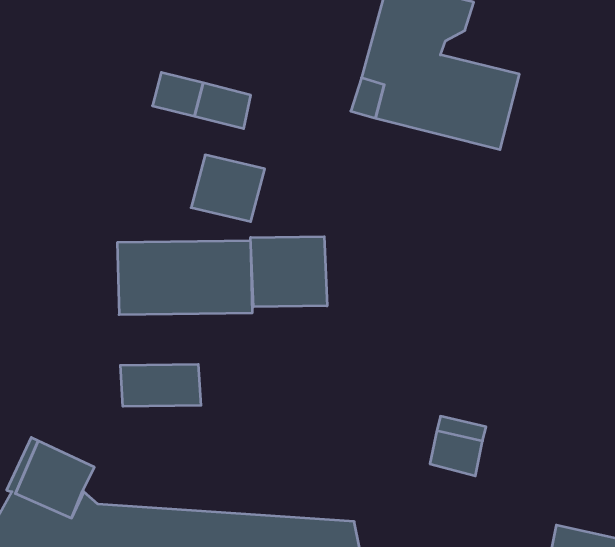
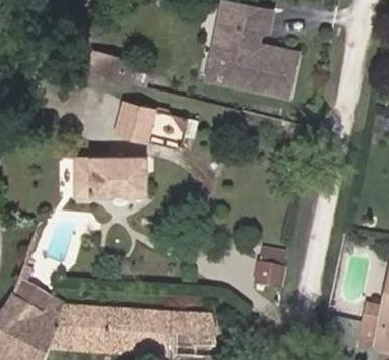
building: [251,237,327,307] -> none
building: [120,364,201,406] -> none

